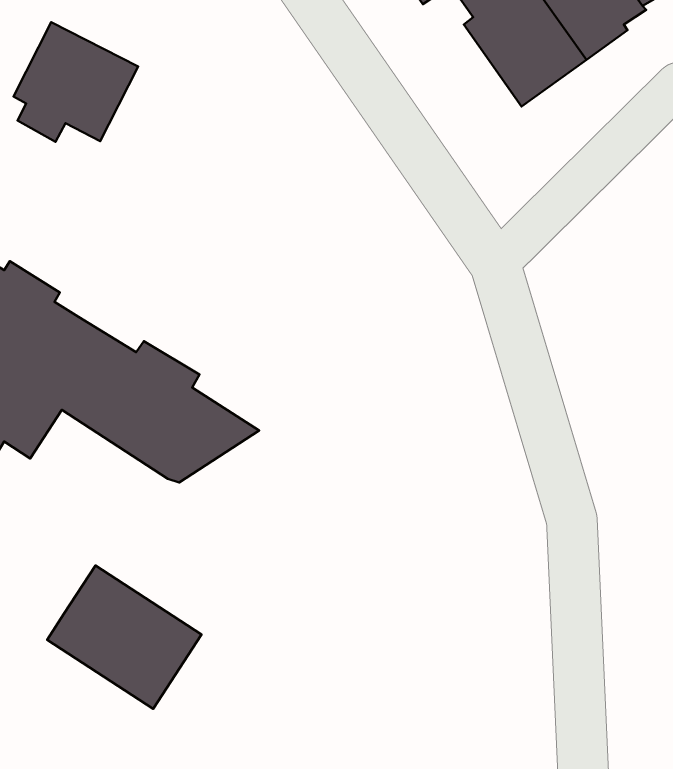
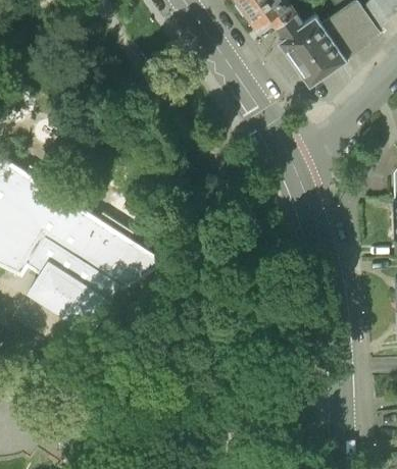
building: [13,22,138,142] -> none
building: [47,565,202,709] -> [31,252,115,330]

